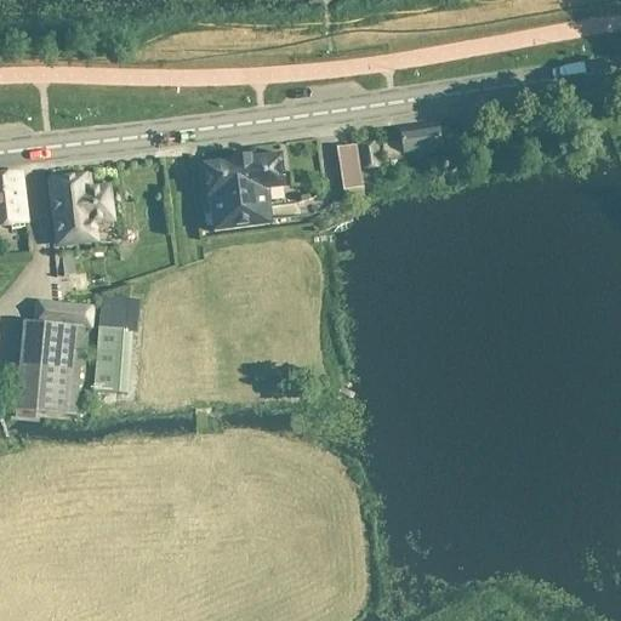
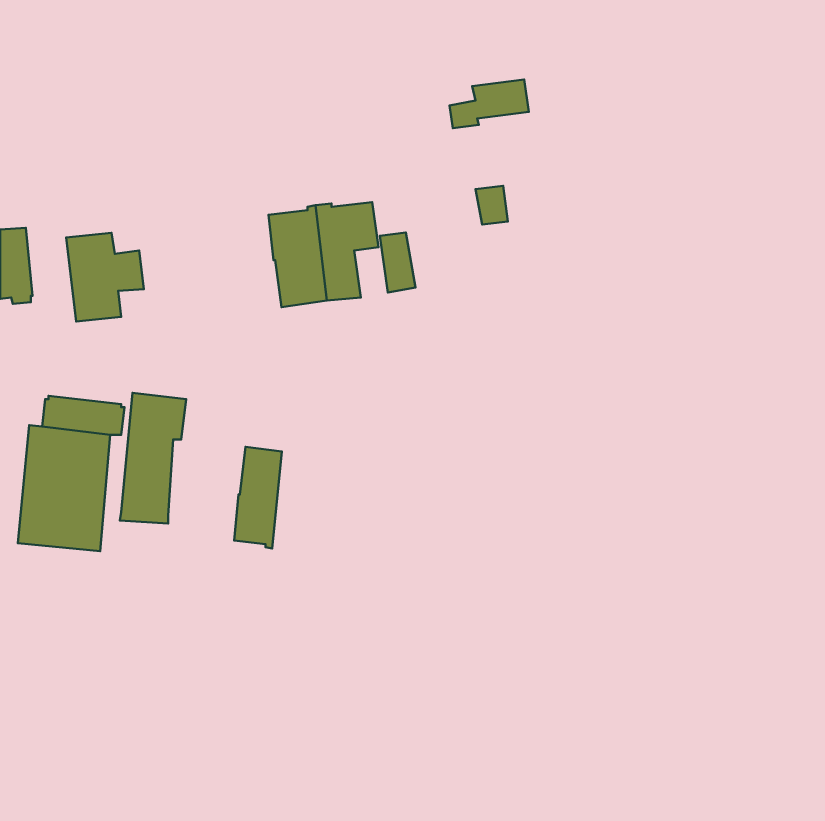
building: [382,124,441,160] -> [450,80,529,128]
building: [336,143,363,188] -> [380,233,415,292]
building: none -> [234,447,282,549]

